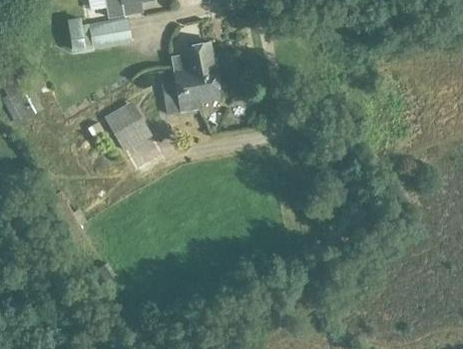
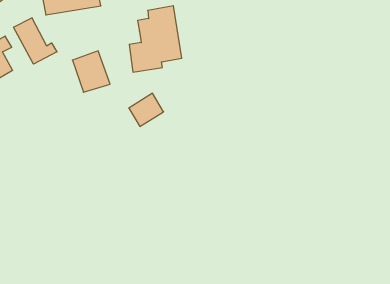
building: none -> [14,18,57,64]
building: [118,124,156,160] -> [129,93,164,126]

